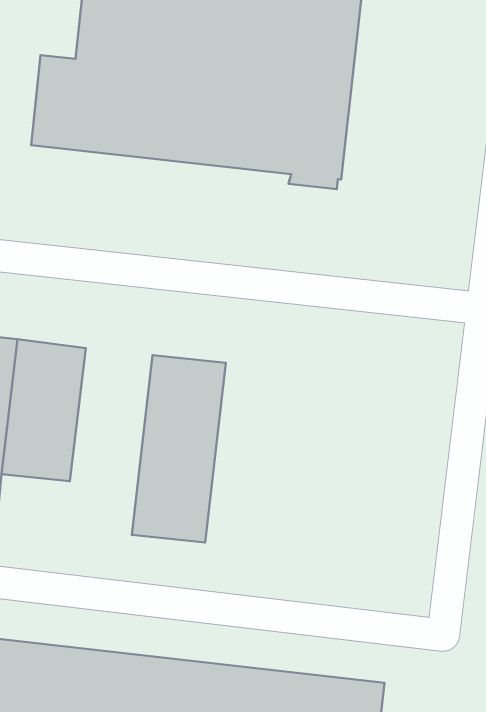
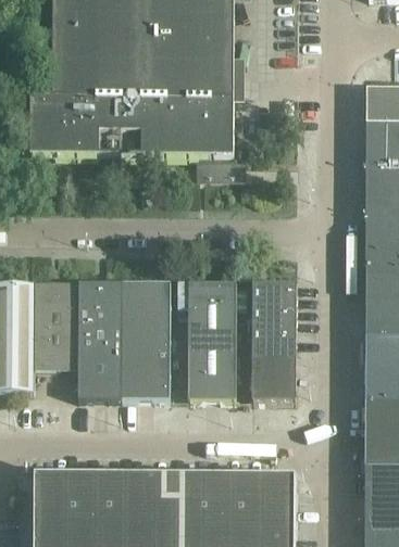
building: none -> [78,281,123,398]
building: none -> [188,281,236,399]
building: none -> [252,282,296,399]

